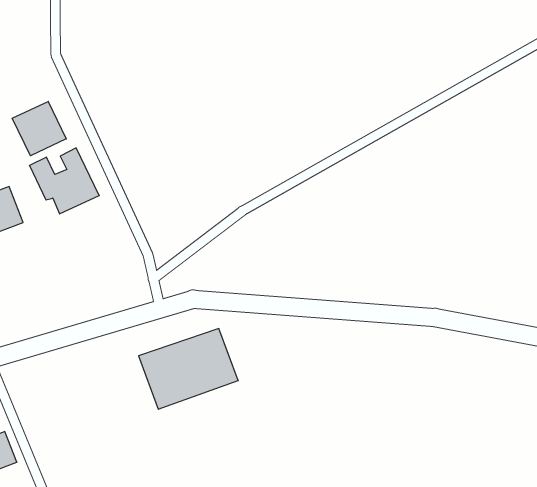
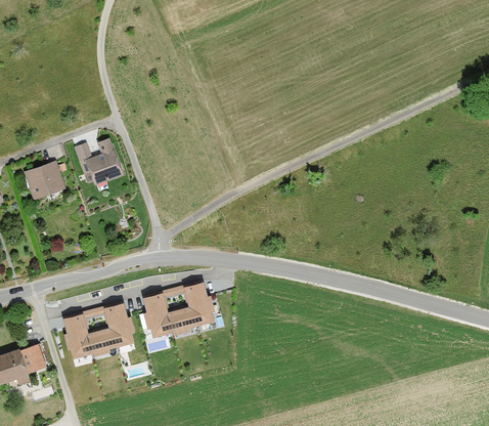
building: [12,101,66,156] -> none
building: none -> [61,301,135,358]

